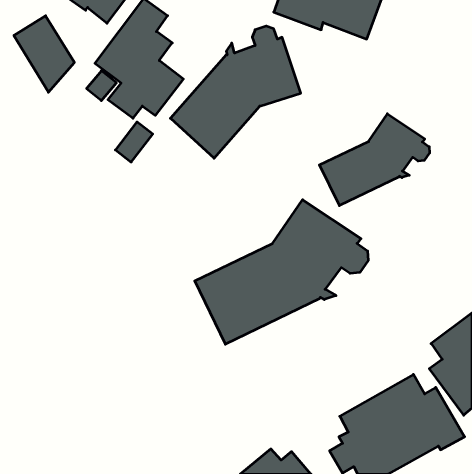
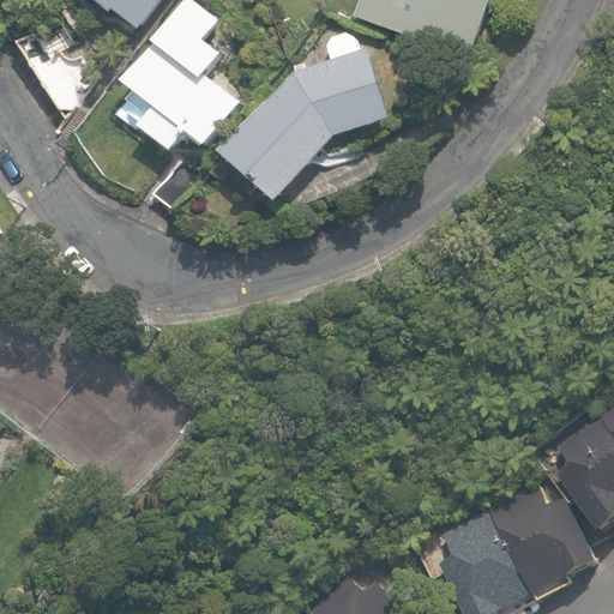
building: [319,114,430,206] -> none
building: [195,200,368,344] -> none

